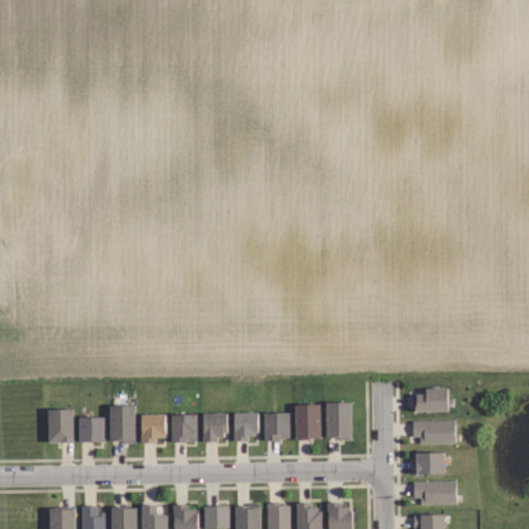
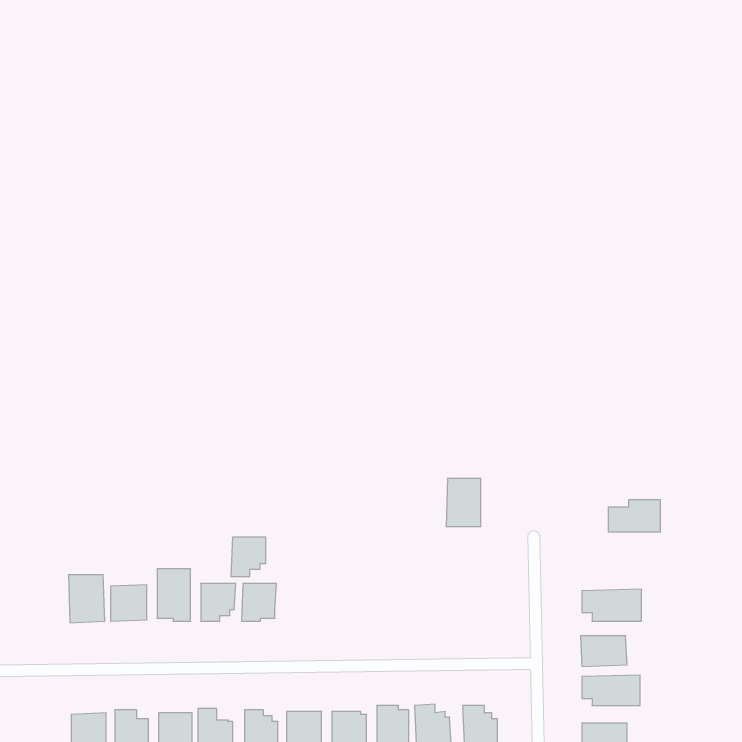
building: [410,388,447,411] -> [608,500,661,532]
building: [324,403,349,437] -> [446,478,481,526]
building: [293,405,318,438] -> none
building: [266,413,289,440] -> none
building: [201,414,226,442] -> [231,537,266,577]
building: [234,414,257,441] -> none

